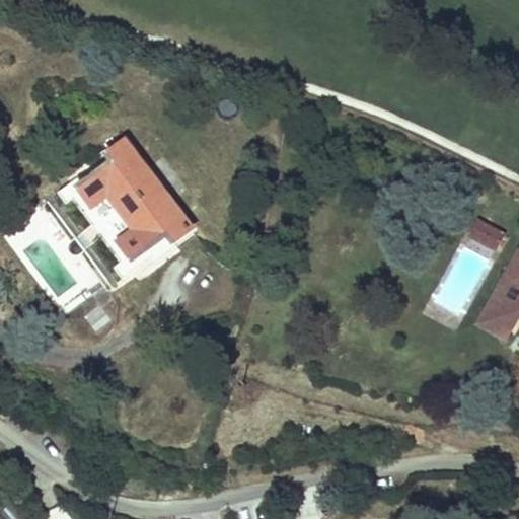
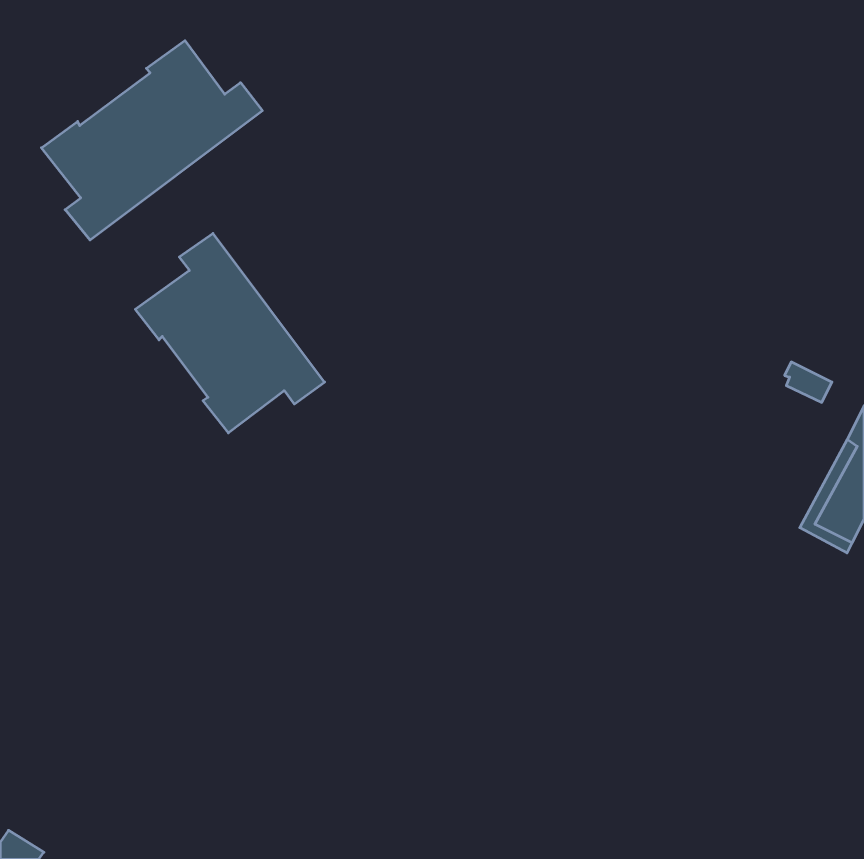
building: none -> [41,41,262,240]

